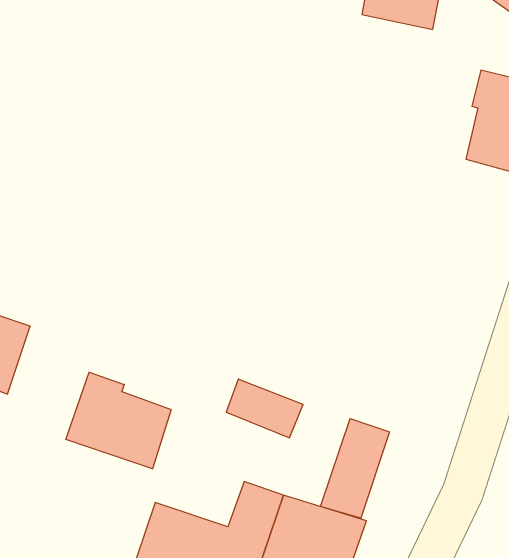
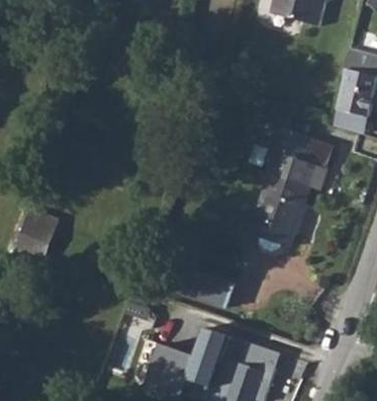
building: none -> [256,140,336,246]
building: [66,372,171,469] -> none
building: [320,419,390,518] -> none

